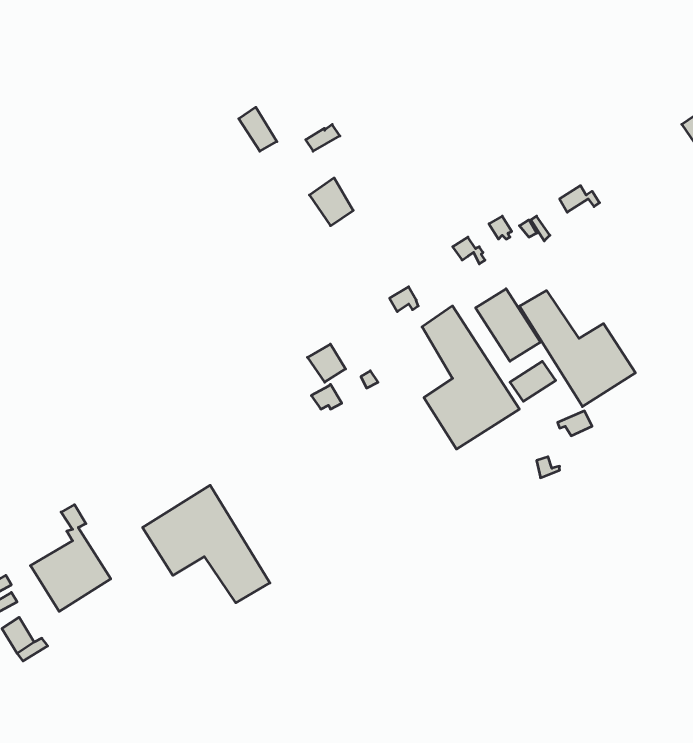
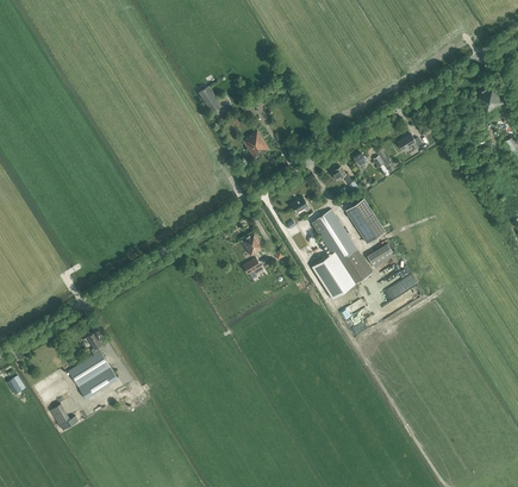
building: [520,291,635,407] -> none
building: [143,485,270,603] -> none

